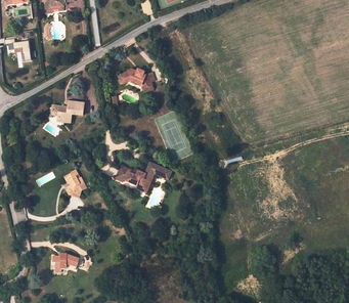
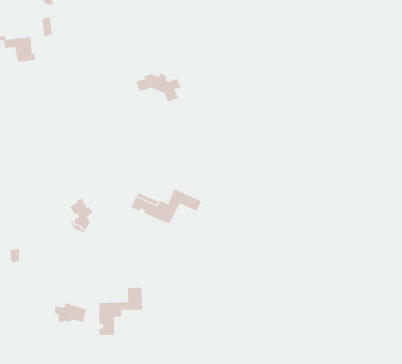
building: [51,100,83,122] -> none
building: none -> [99,287,143,335]

